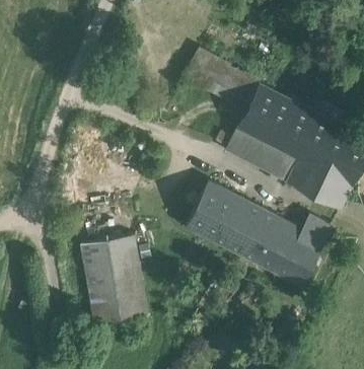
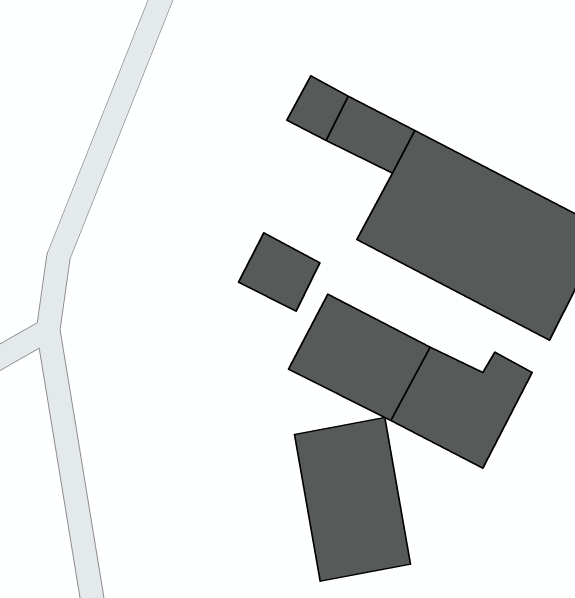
building: none -> [238,233,320,311]
building: [80,233,149,330] -> [295,417,410,581]

